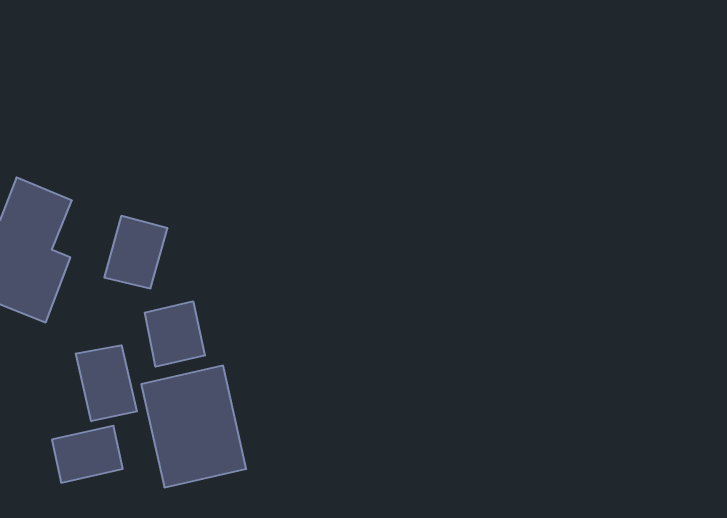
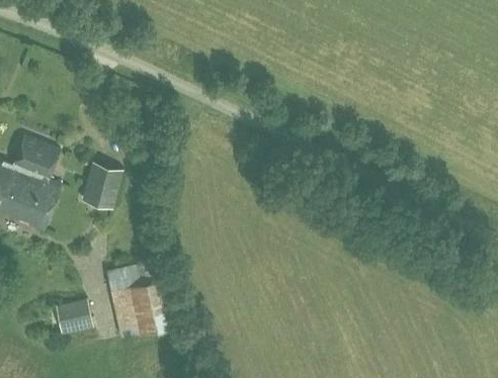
building: [145,301,205,367] -> none
building: [76,345,137,421] -> none

